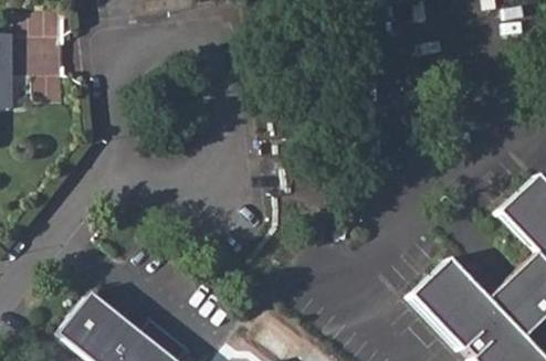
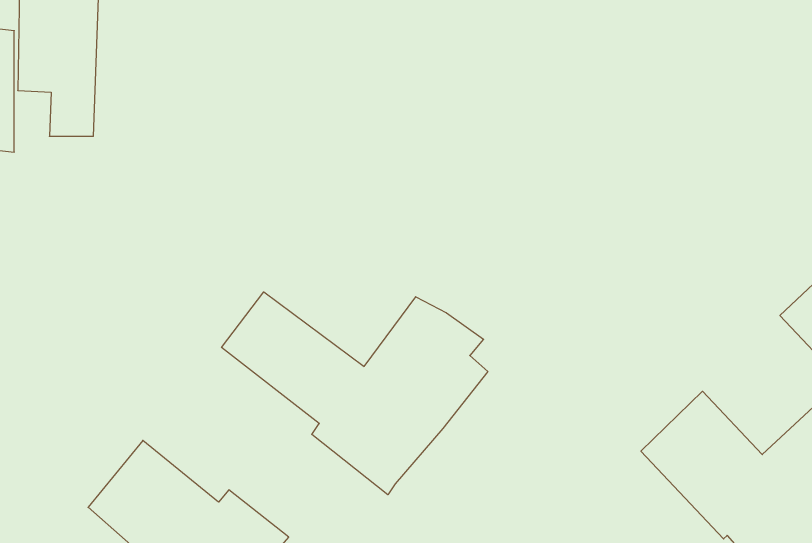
building: none -> [222,292,488,495]

